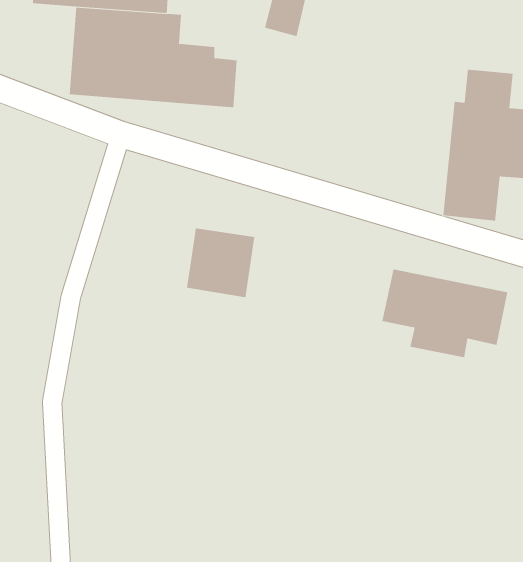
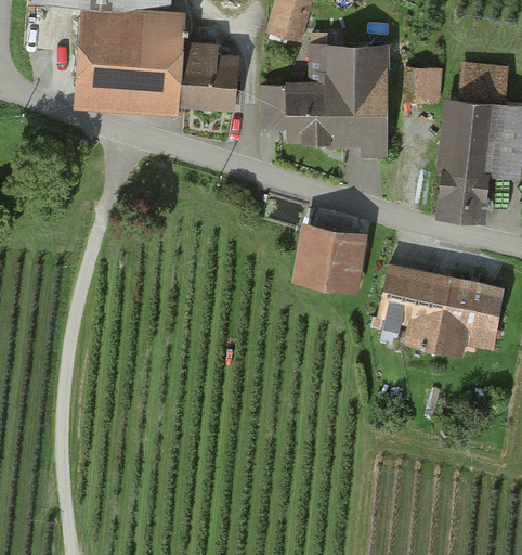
building: none -> [263,50,394,146]
building: none -> [404,64,441,101]
building: [186,228,255,298] -> [292,221,360,289]

